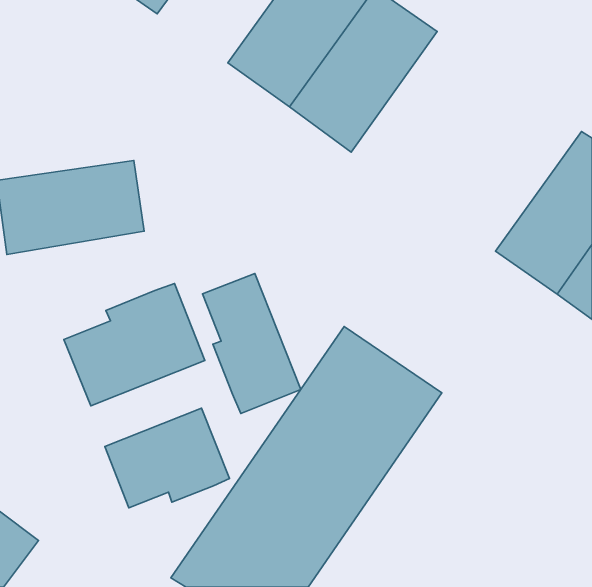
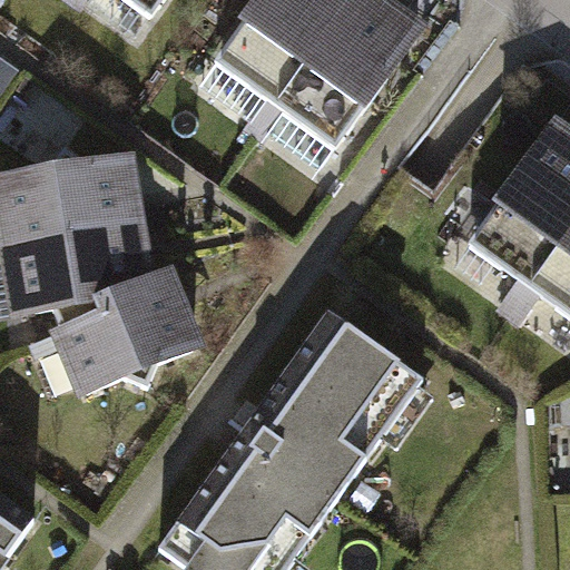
building: none -> [7,222,148,325]
building: [202,273,301,414] -> none
building: [105,408,230,508] -> none

